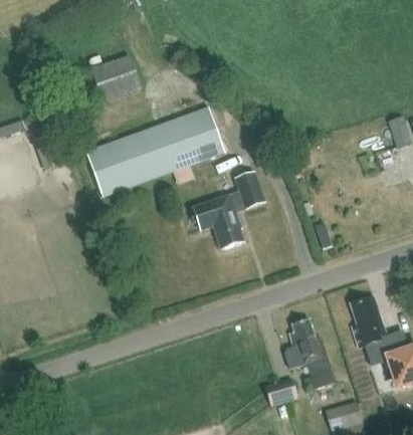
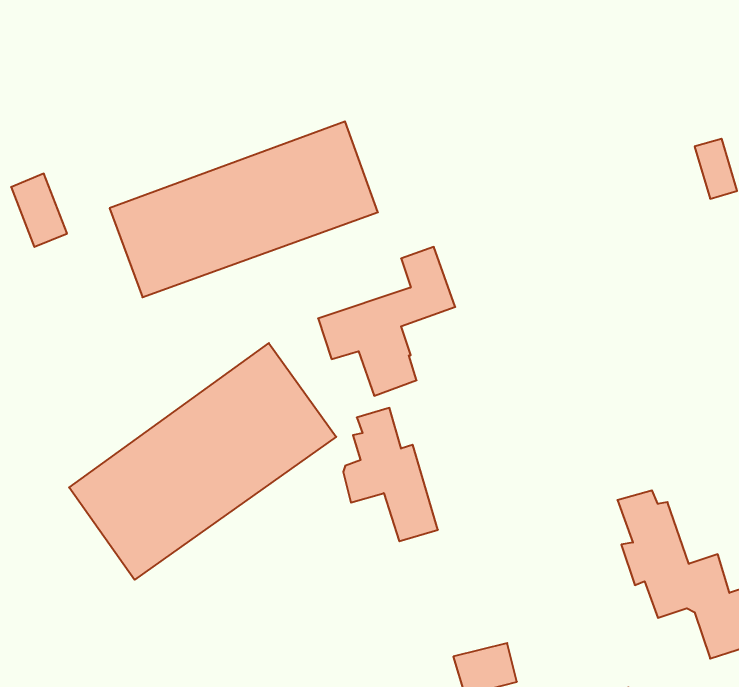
building: [93,56,143,100] -> none
building: none -> [69,343,336,580]
building: [285,318,335,388] -> [343,408,438,541]

